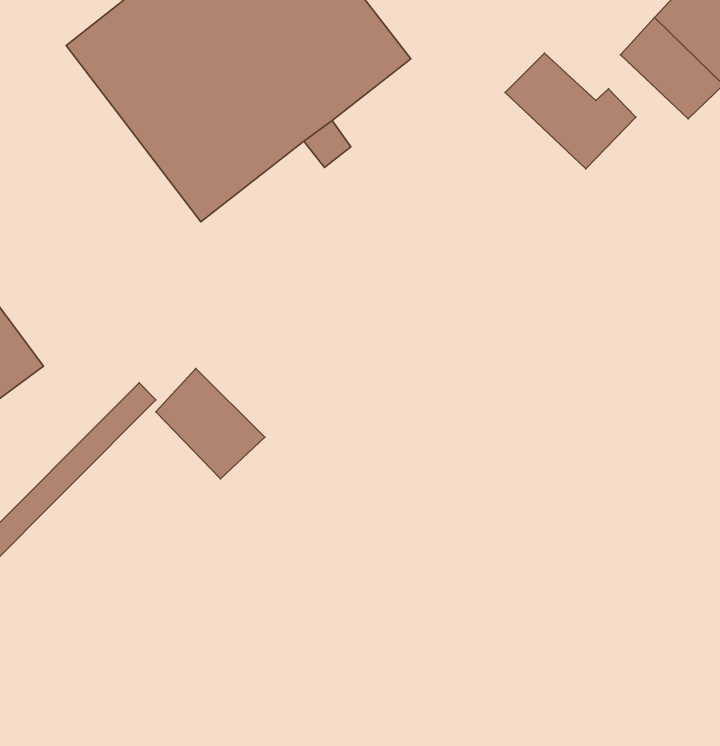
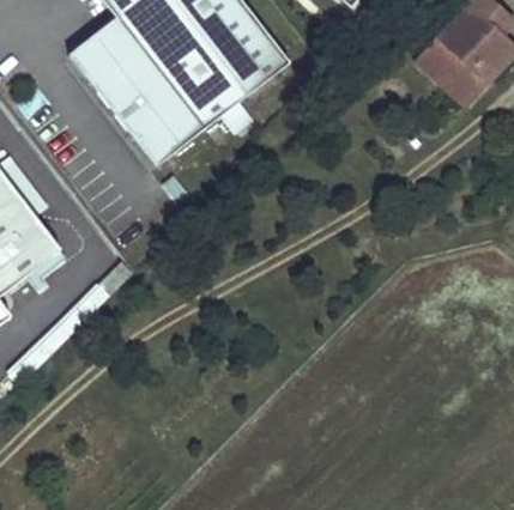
building: [505,53,636,169] -> none
building: [156,369,265,479] -> none

